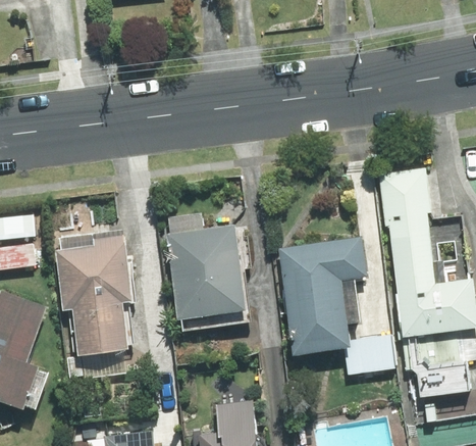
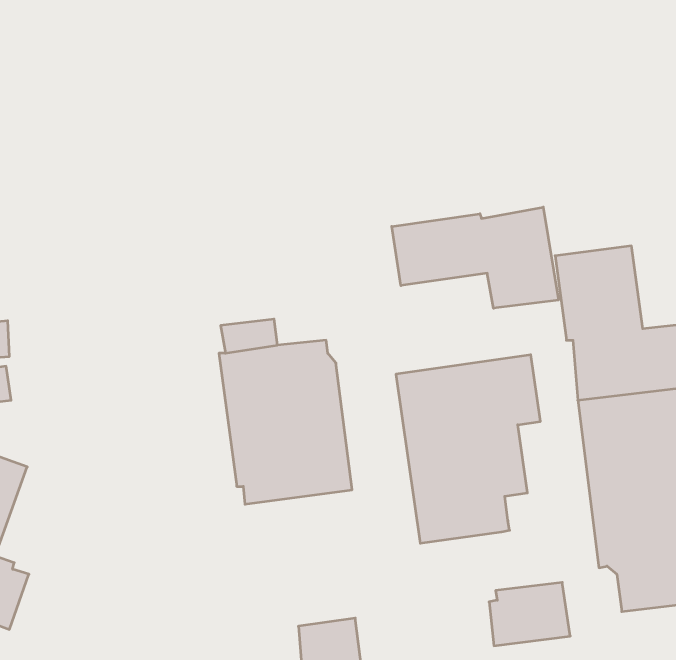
building: none -> [392,207,558,308]
building: [55,231,135,355] -> none
building: [343,335,394,375] -> [489,582,570,646]

